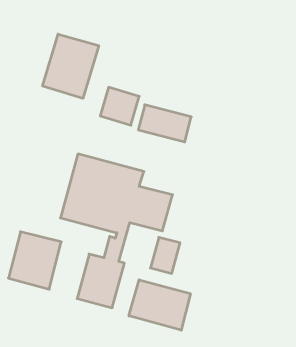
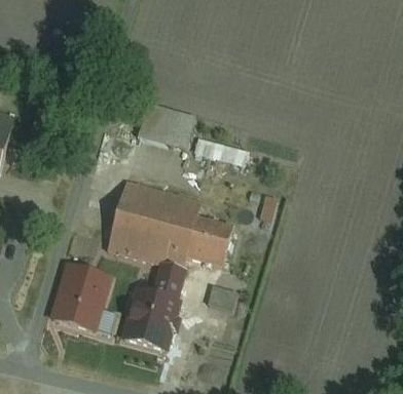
building: [43,34,99,98] -> none
building: [129,280,190,330] -> none

